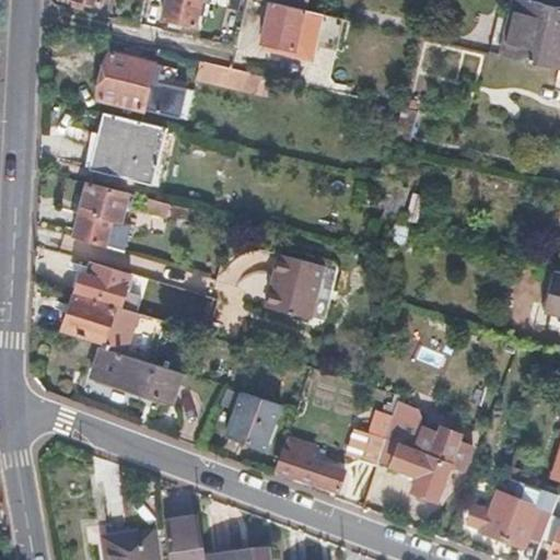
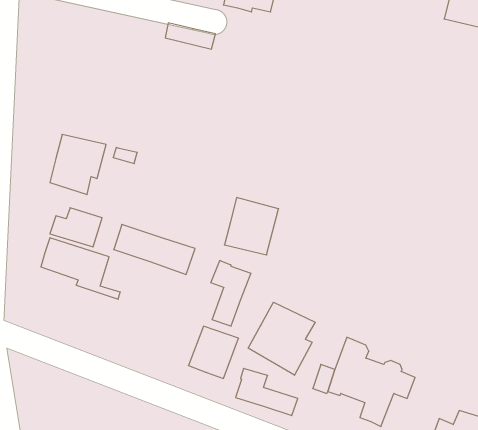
building: [98,50,188,118] -> none
building: [89,113,166,186] -> none
building: none -> [211,260,251,326]
building: [93,348,182,402] -> [114,224,195,275]
building: none -> [248,302,315,375]

